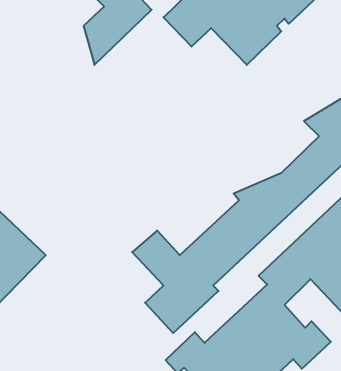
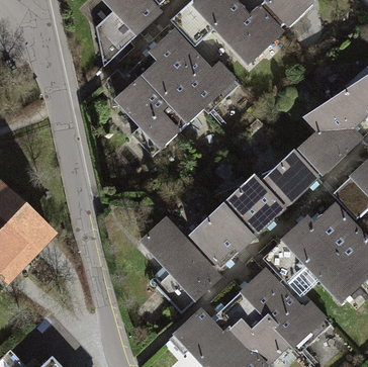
building: none -> [106,30,237,155]

